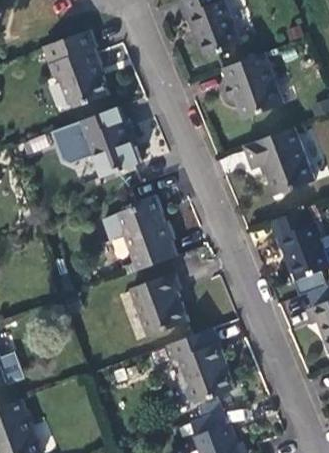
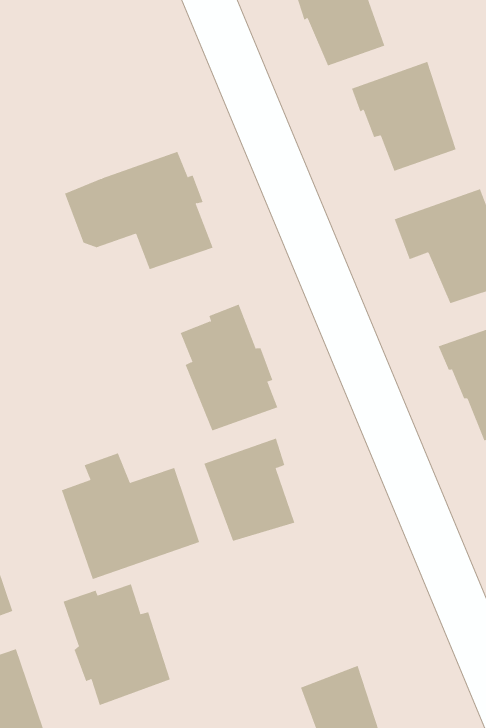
building: [42,29,107,105] -> none
building: none -> [61,452,200,580]
building: [164,328,231,404] -> none
building: none -> [63,584,170,706]

